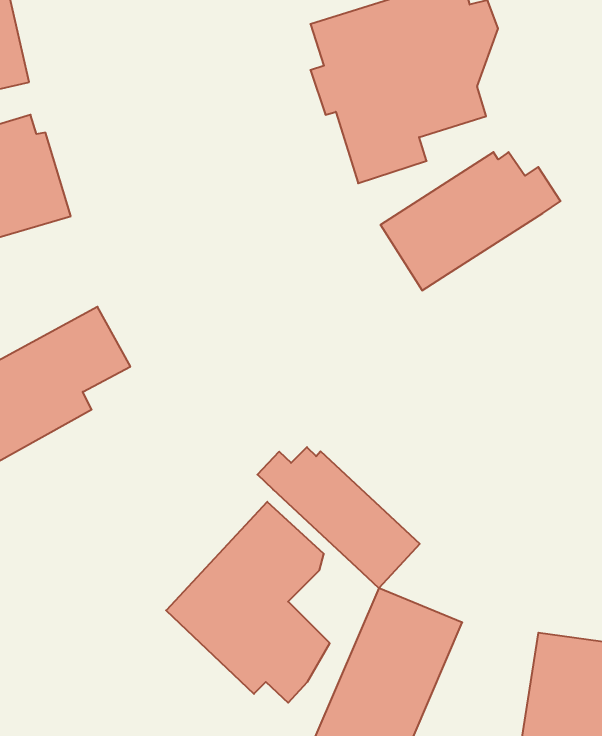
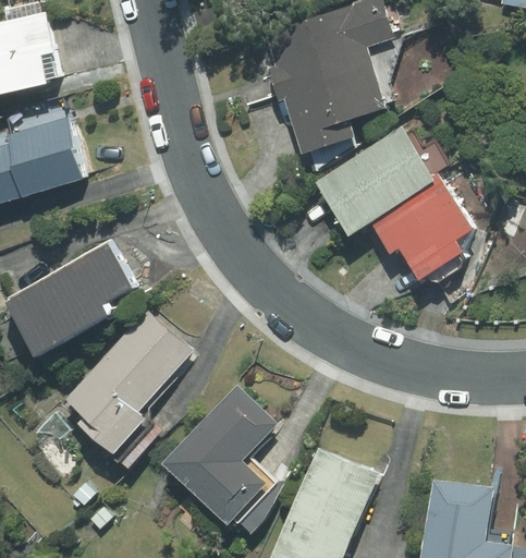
building: none -> [366,173,470,281]
building: none -> [64,310,195,464]
building: [257,447,420,588] -> none

